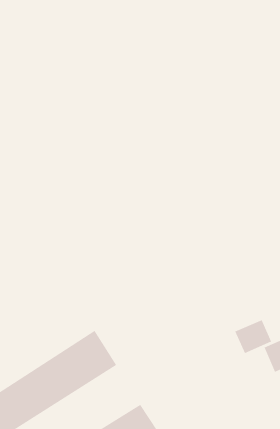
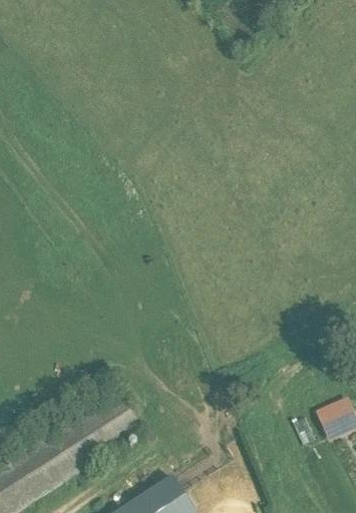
building: [234,319,272,354] -> none

